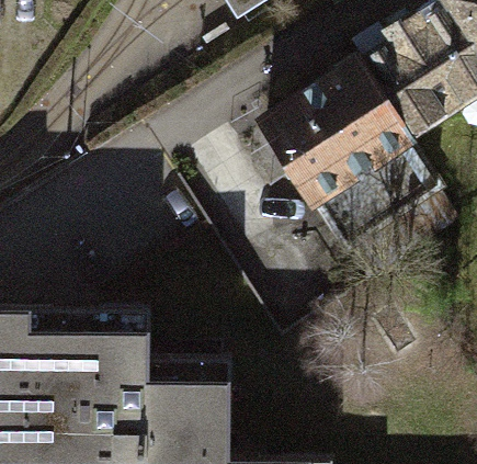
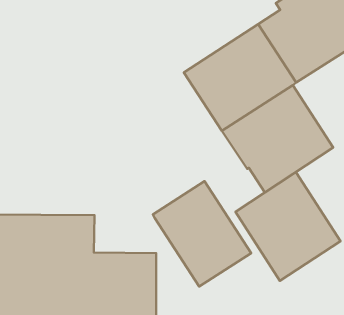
building: none -> [236,172,341,281]
building: none -> [153,181,251,286]

